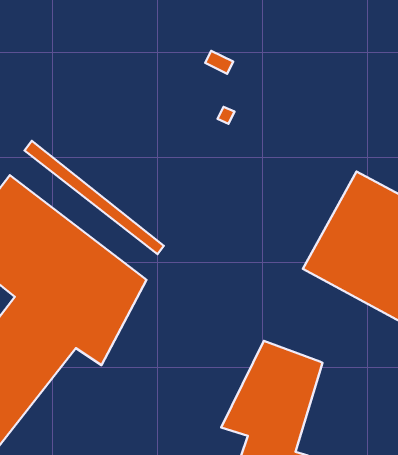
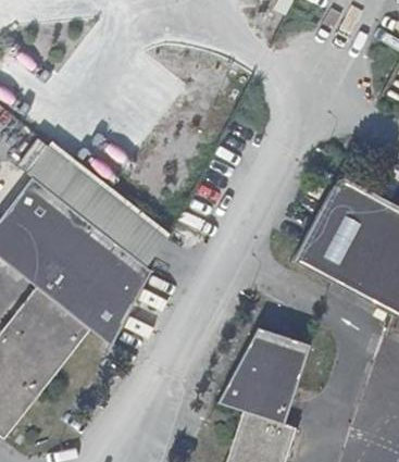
building: none -> [29,152,163,263]

